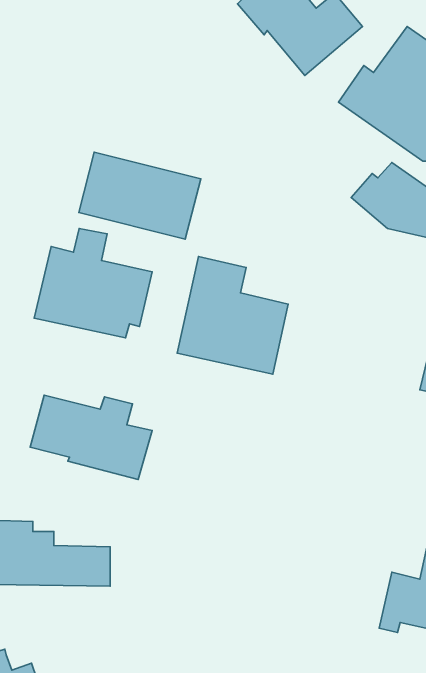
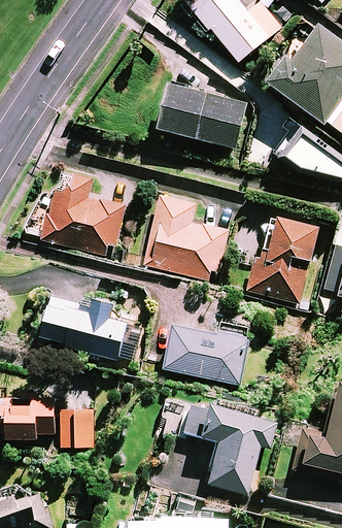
building: [79,152,201,239] -> [157,85,246,148]
building: none -> [247,217,318,303]
building: none -> [164,323,251,385]
building: none -> [183,408,274,496]

